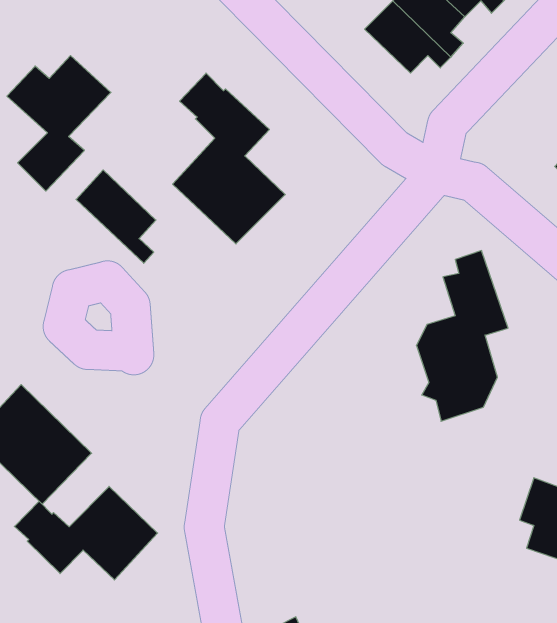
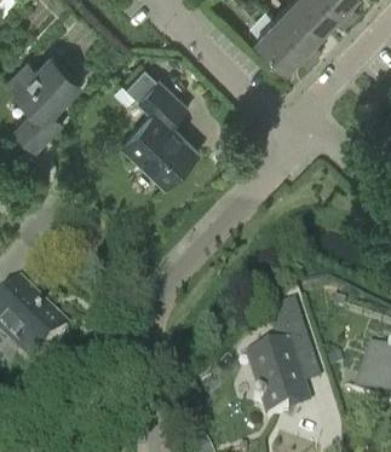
building: [76,170,156,263] -> none
building: [416,251,508,421] -> [249,306,312,423]
building: [14,486,158,580] -> none

